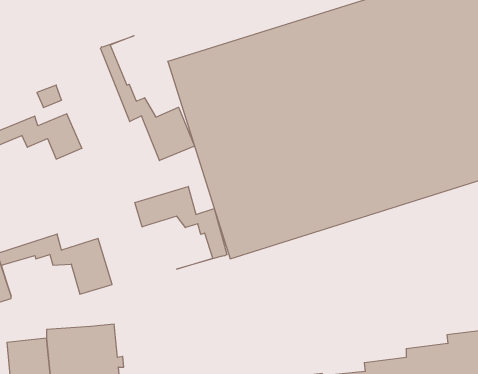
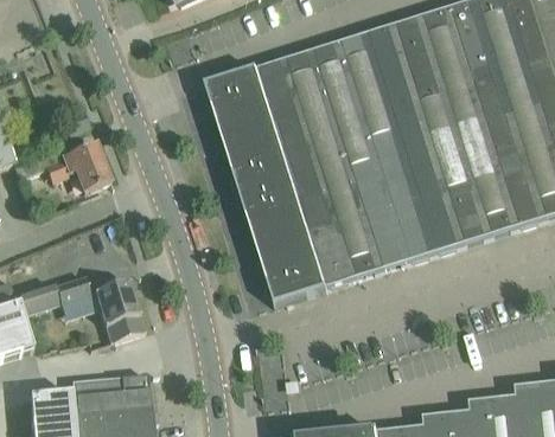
building: [101,36,195,161] -> none
building: [135,186,227,269] -> none

